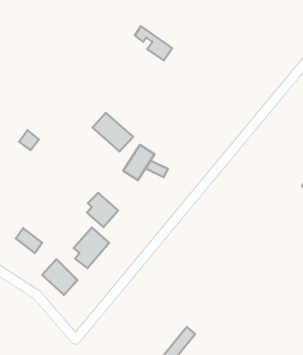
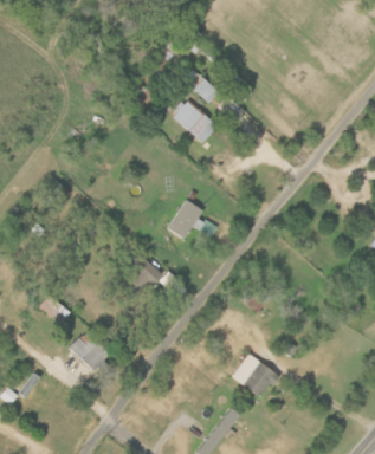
building: [92,113,133,151] -> [173,99,219,143]
building: [73,227,109,268] -> none
building: none -> [231,352,278,398]

